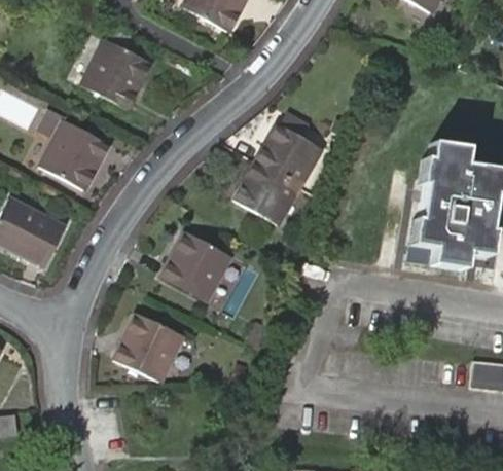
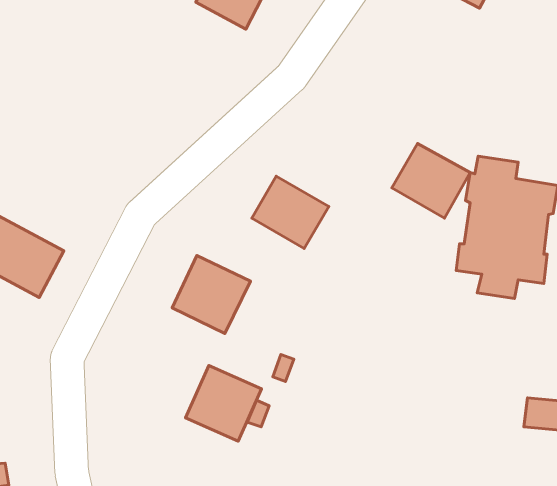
building: [80,39,150,109] -> none
building: [39,119,109,190] -> none
building: [254,122,323,188] -> [392,143,470,218]
building: [116,314,183,381] -> [186,365,261,441]

